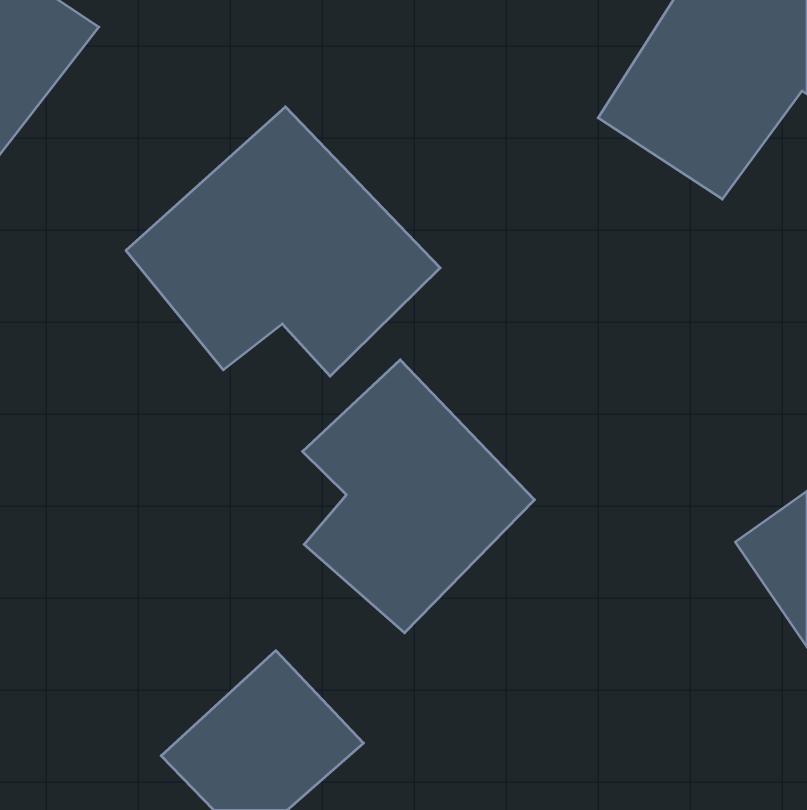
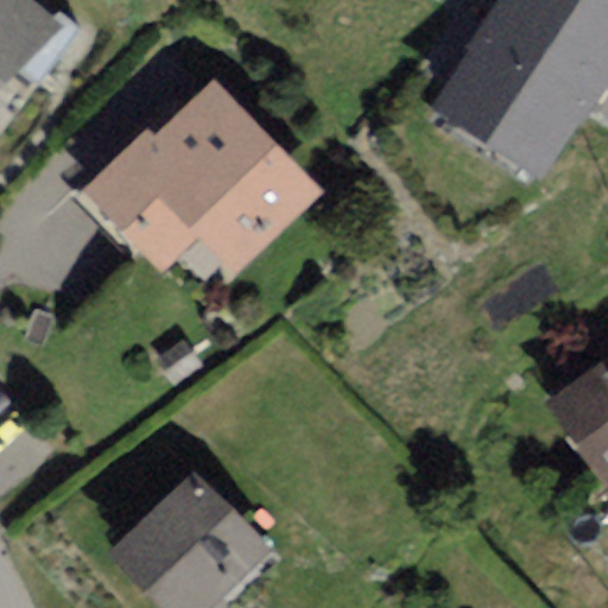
building: [302,360,535,633] -> none

